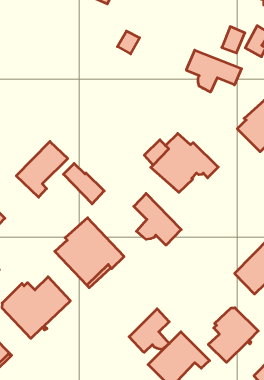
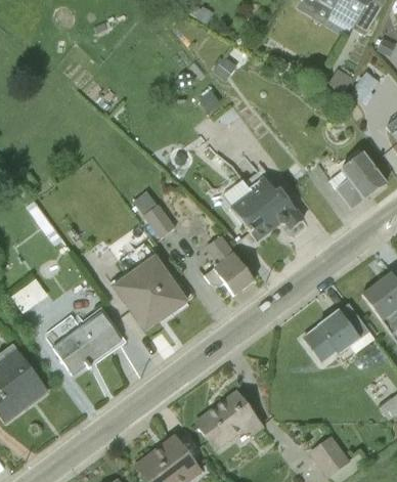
building: [186,50,242,92] -> none
building: [16,141,68,197] -> none
building: [208,308,258,362] -> none
building: [129,309,169,352] -> none

